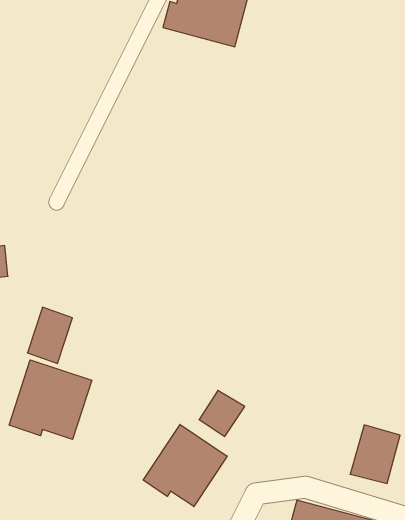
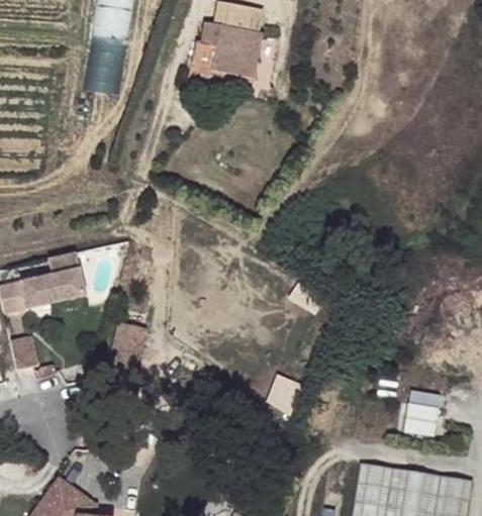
building: [9,360,92,439] -> none
building: [143,424,227,507] -> none

